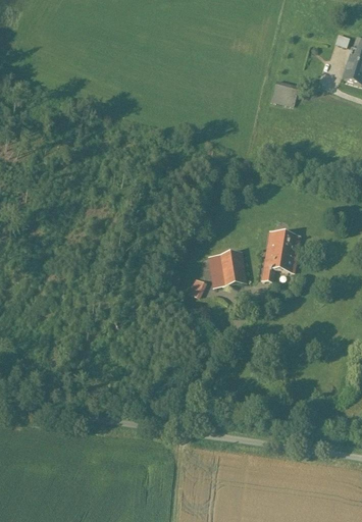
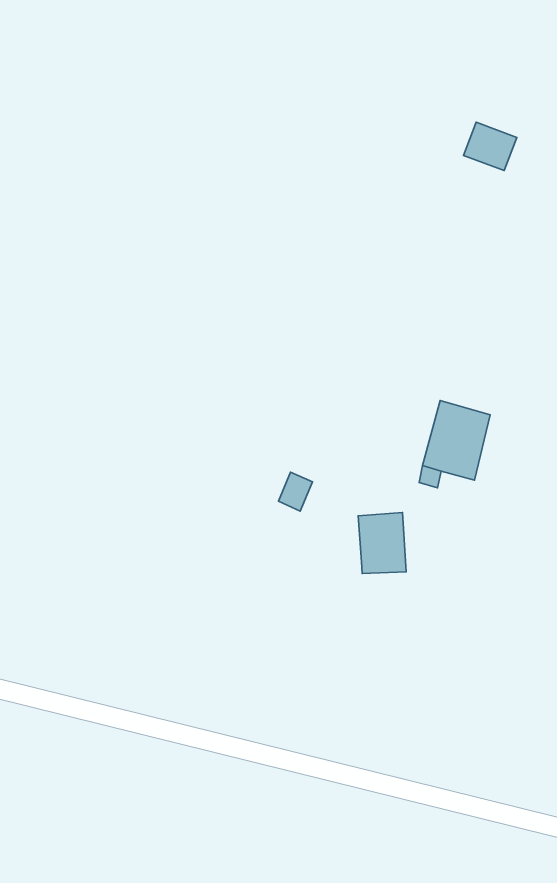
building: [216,250,245,284] -> [358,513,406,573]

